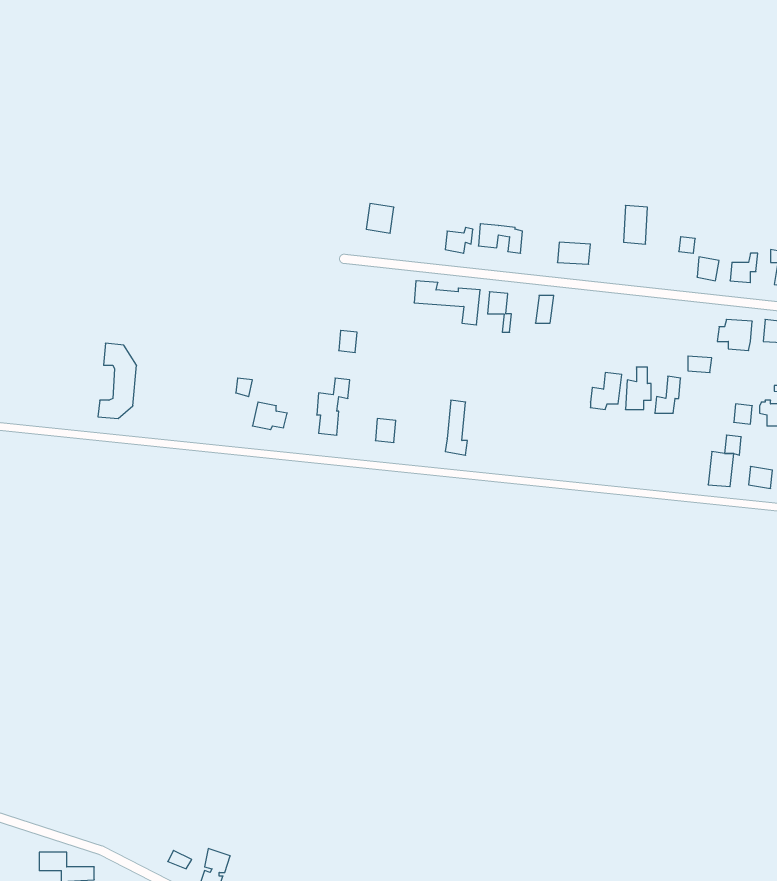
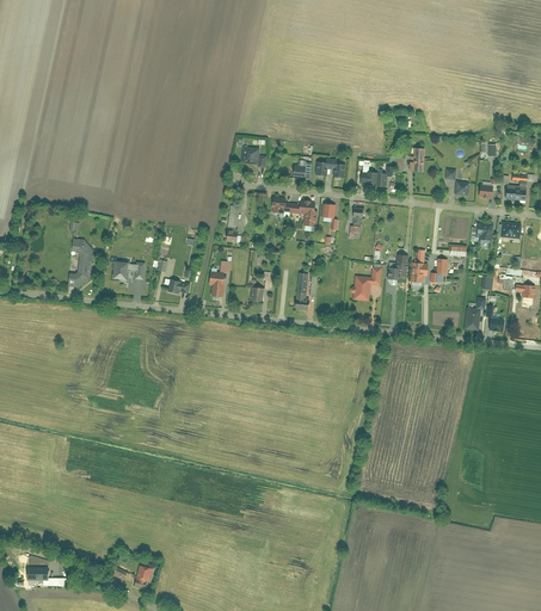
building: none -> [112,258,146,280]
building: none -> [352,267,382,301]

